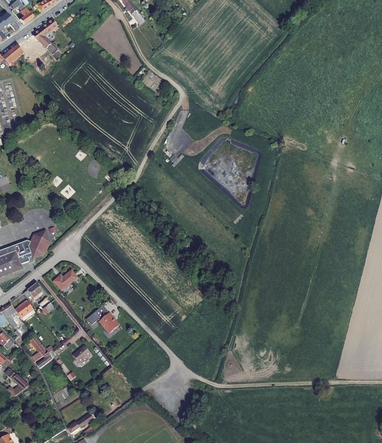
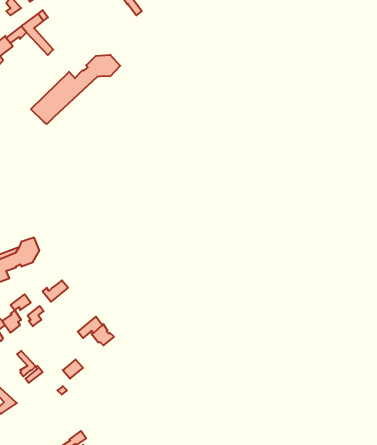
building: none -> [31,55,120,124]

